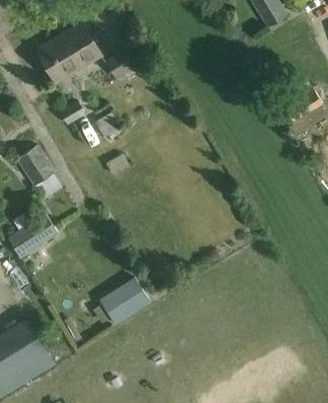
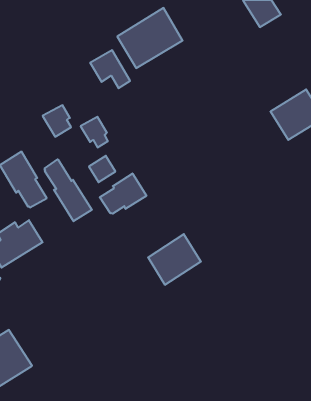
building: [38,23,101,81] -> [117,8,183,68]
building: none -> [45,159,92,221]
building: none -> [100,173,146,214]
building: [100,277,151,326] -> [148,234,201,285]

